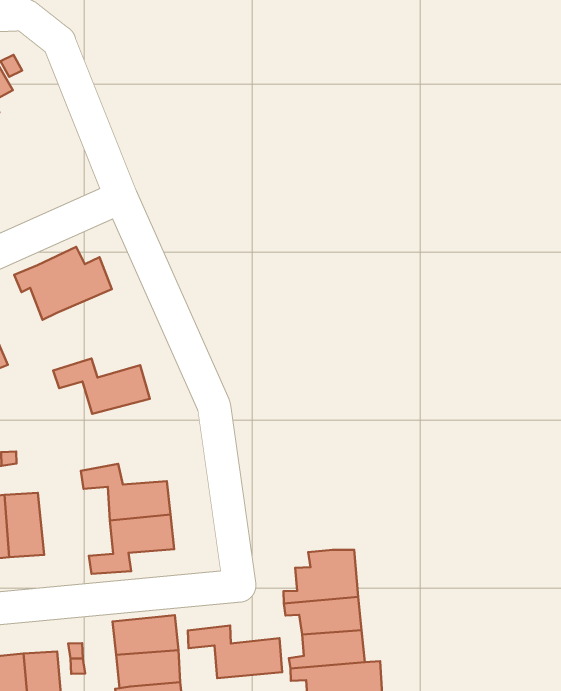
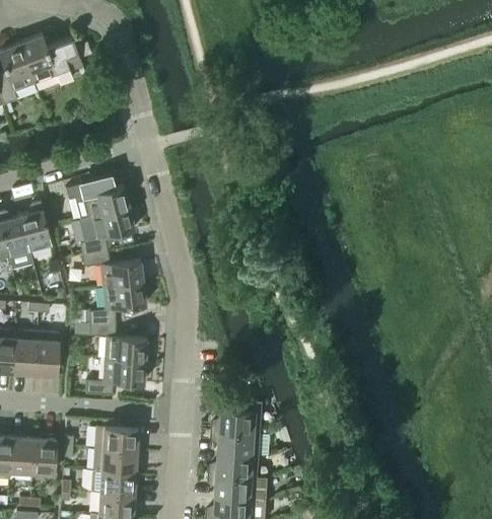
building: none -> [79,208,134,255]
building: none -> [88,284,145,324]
building: [188,626,282,678] -> none

